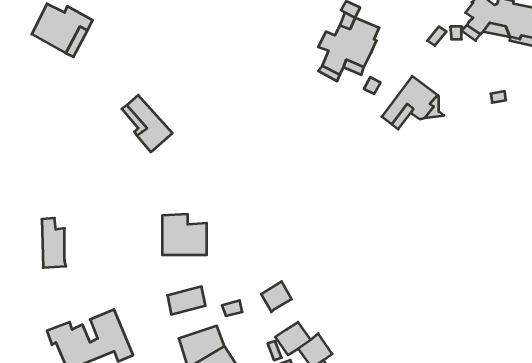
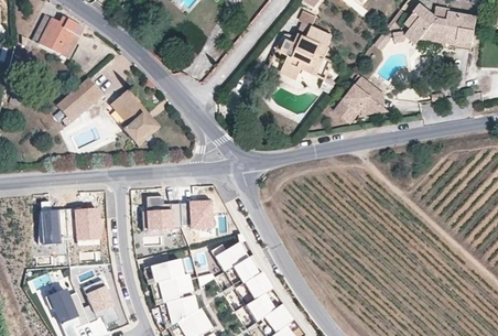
building: none -> [56,77,104,127]
building: none -> [123,88,161,147]
building: none -> [187,199,212,231]
building: none -> [59,206,100,242]
building: none -> [213,239,248,270]
building: none -> [241,268,270,296]
building: none -> [149,274,192,305]

